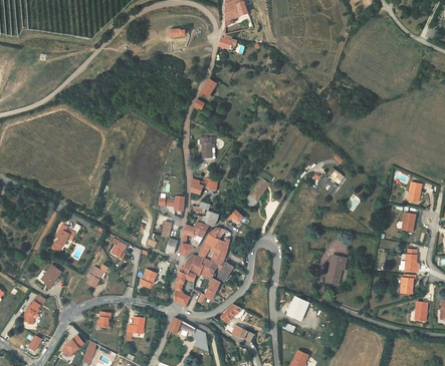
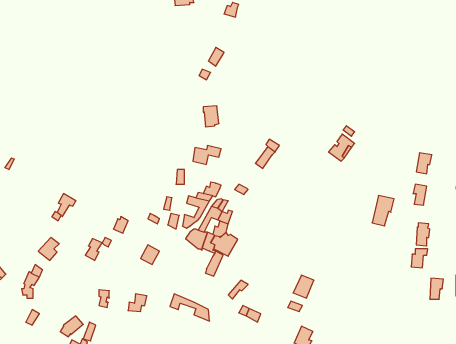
building: [323,254,345,283] -> [372,196,394,226]
building: [172,264,194,304] -> none

